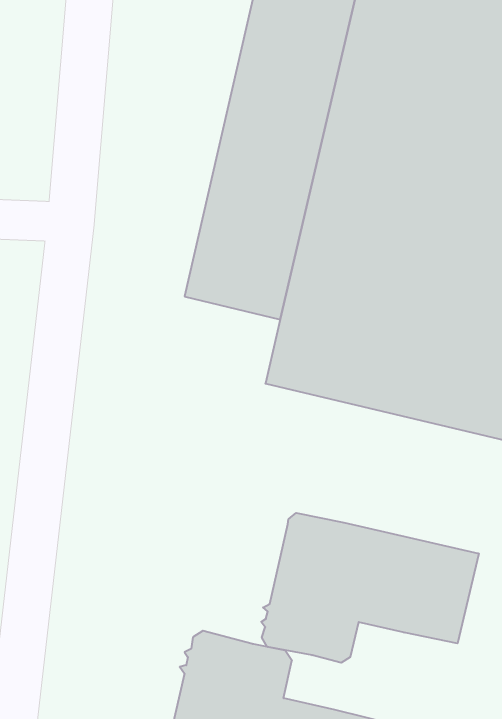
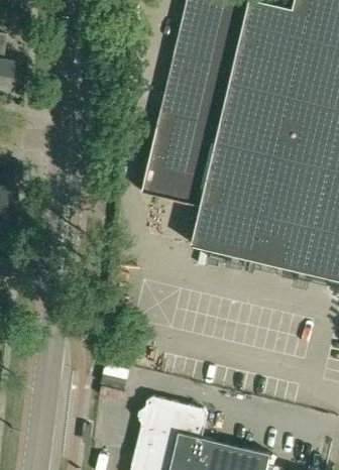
building: [261,513,479,663] -> none

